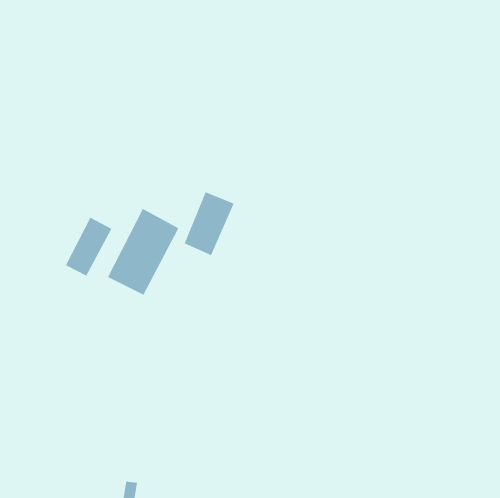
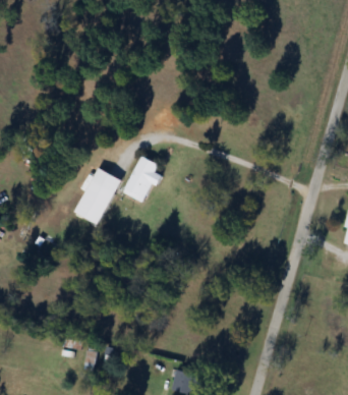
building: [65,217,112,276] -> none

